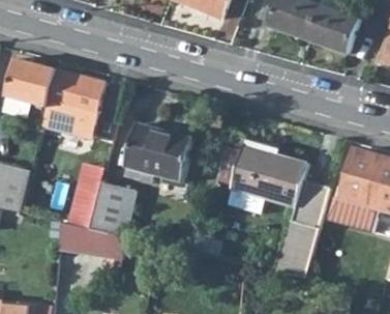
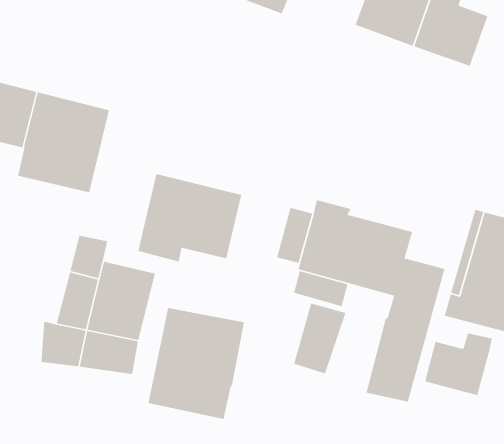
building: none -> [293,303,346,374]
building: none -> [148,307,245,420]
building: none -> [424,333,493,396]

